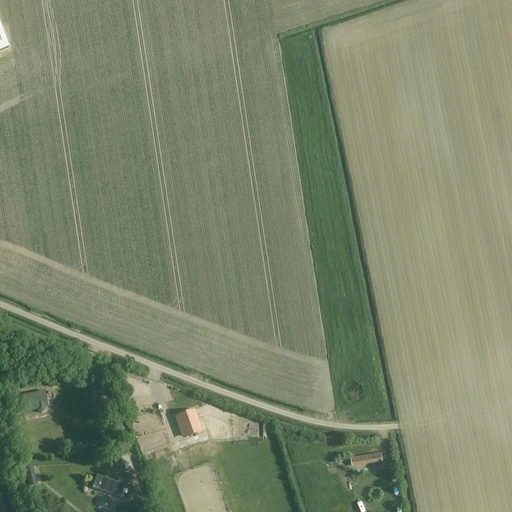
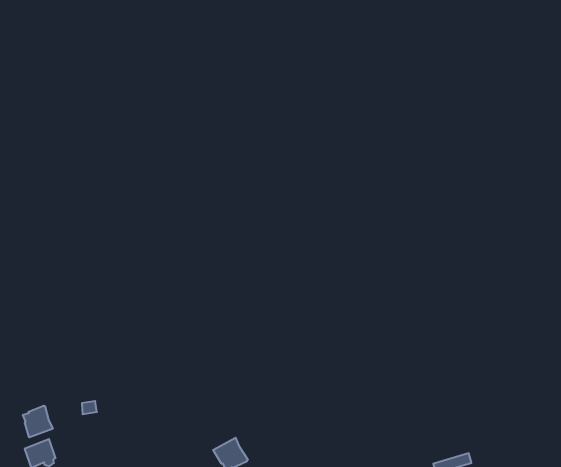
building: none -> [23,406,53,437]

